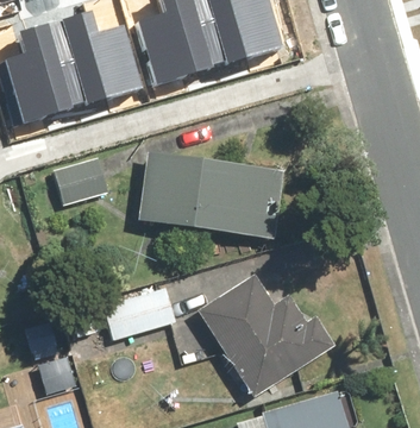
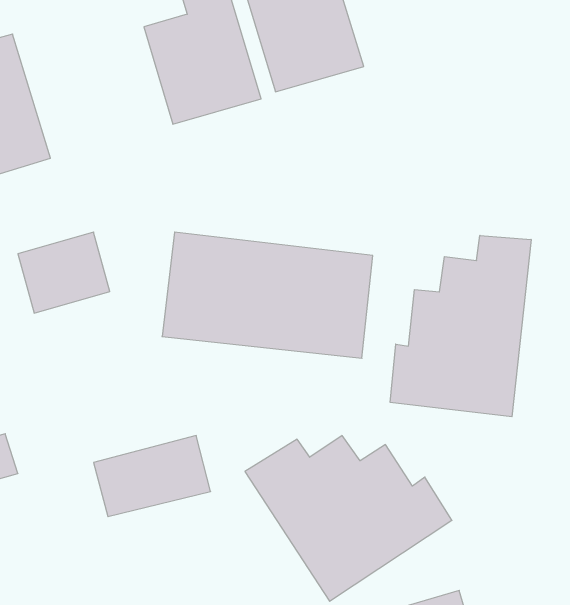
building: [56,10,139,101] -> none
building: none -> [390,235,531,417]

